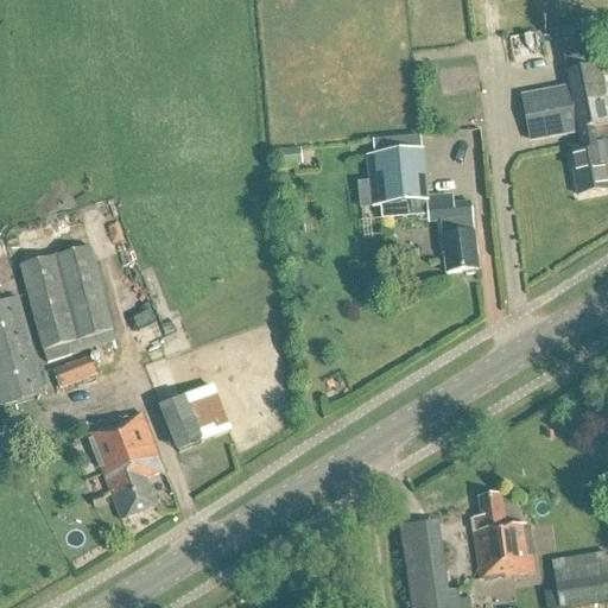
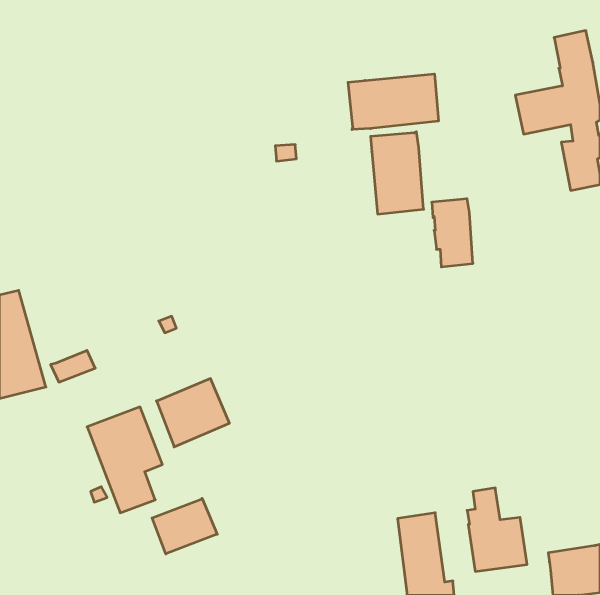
building: none -> [348,74,438,130]
building: [19,245,115,361] -> none
building: none -> [152,498,217,554]

